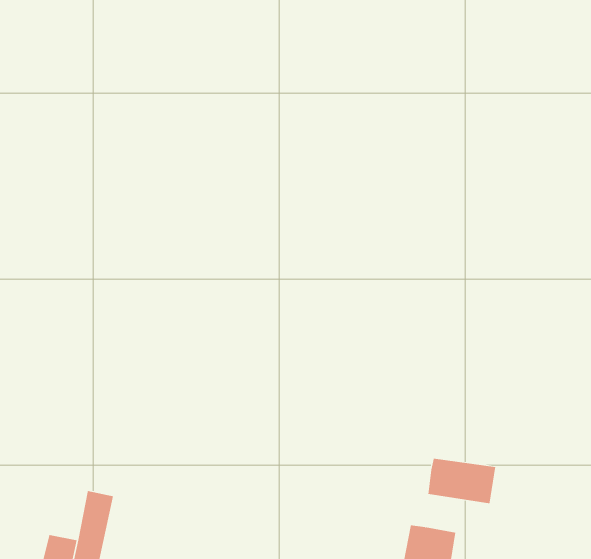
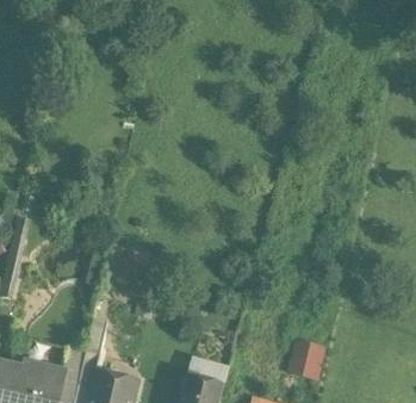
building: [428,458,496,504] -> none

